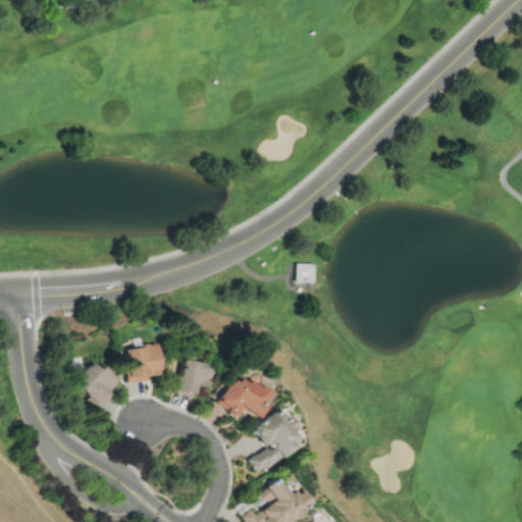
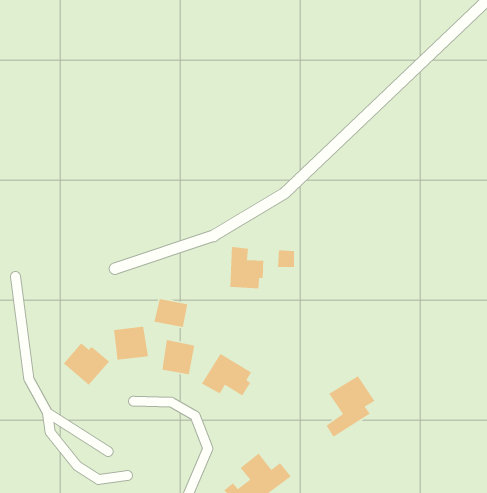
building: none -> [229,246,264,289]
building: none -> [153,298,188,328]
building: [251,408,304,474] -> [325,375,376,438]

